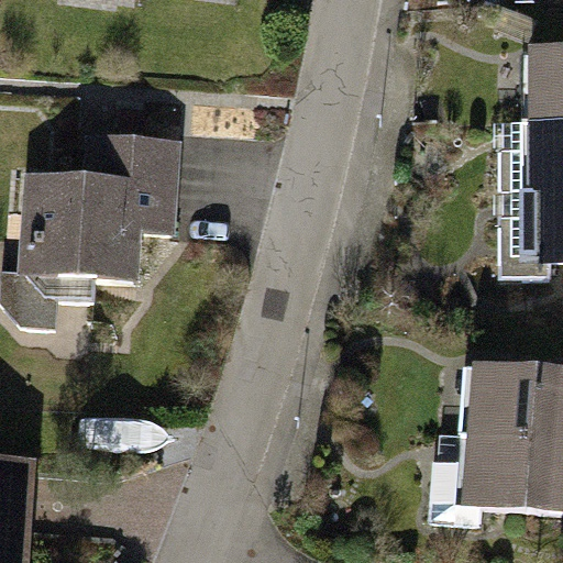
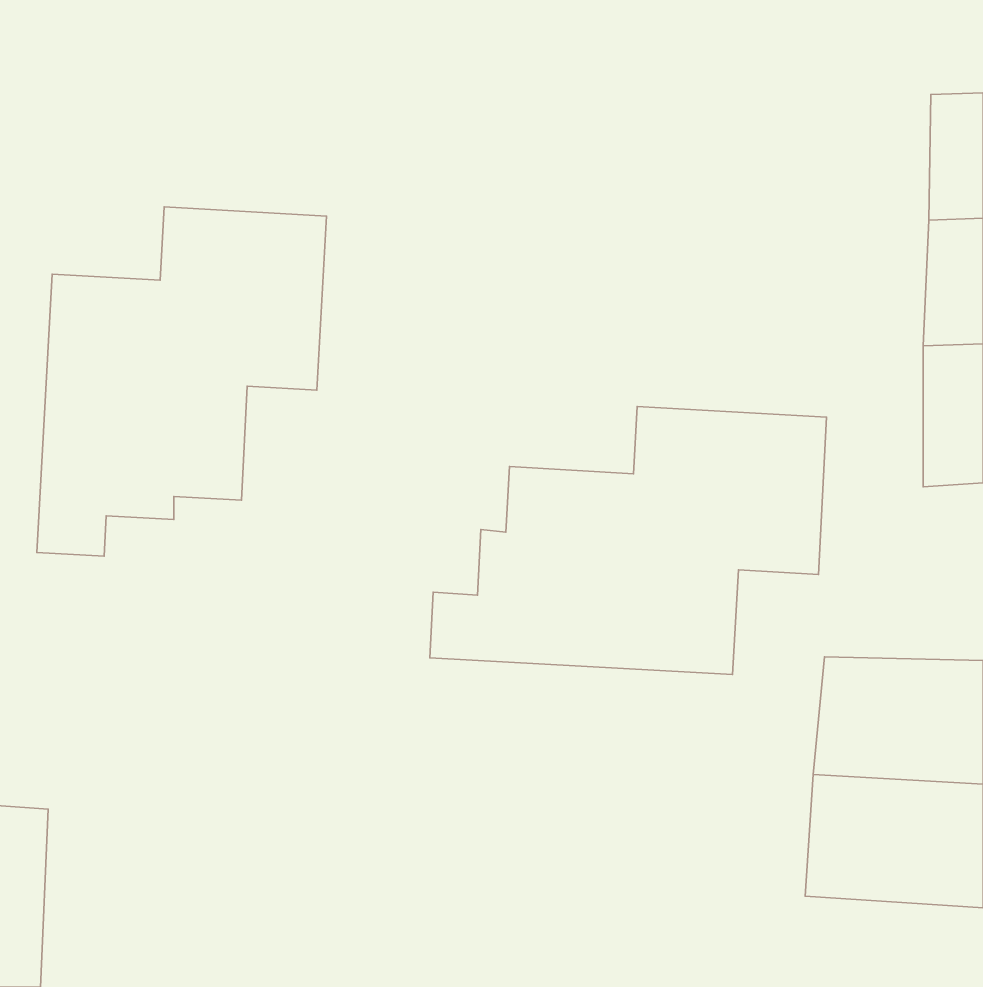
building: none -> [430,407,826,675]

